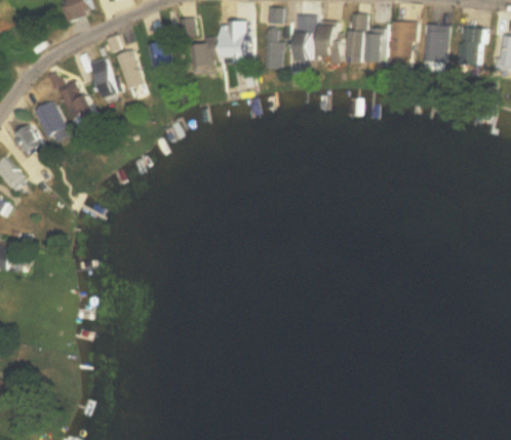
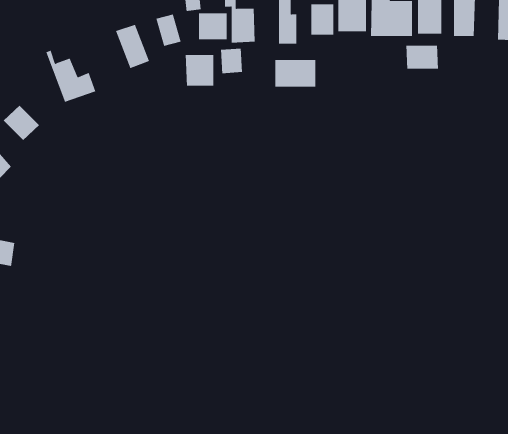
building: [89,57,121,101] -> none
building: none -> [406,45,438,69]
building: none -> [221,48,242,74]
building: none -> [185,54,214,86]
building: none -> [275,59,316,88]
building: [35,102,72,146] -> none

